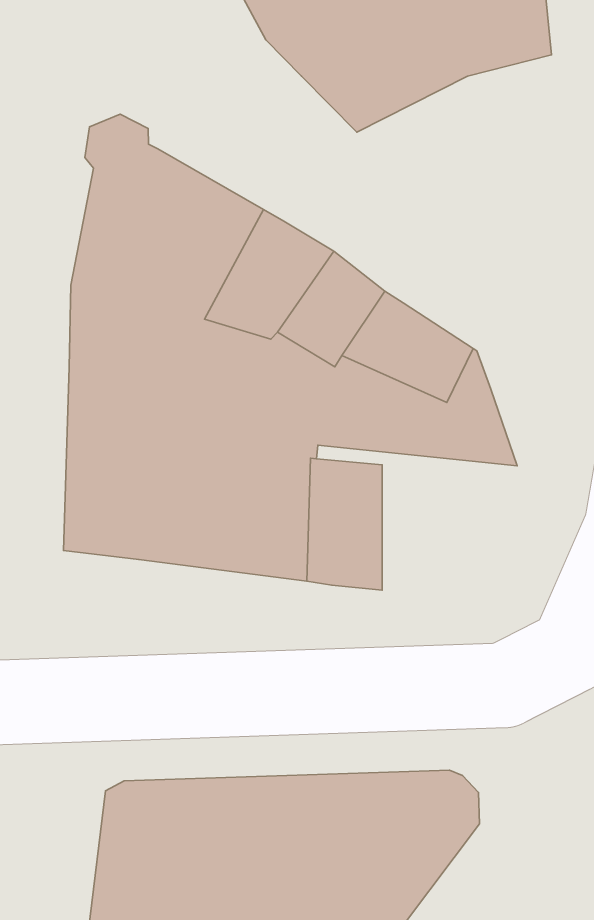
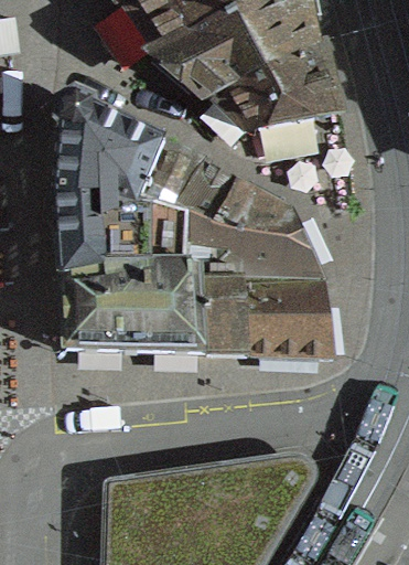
building: none -> [211,43,340,131]
building: none -> [243,286,333,360]

